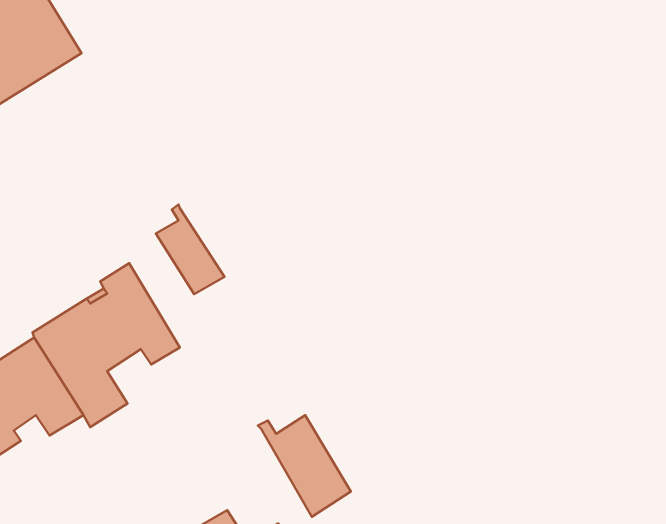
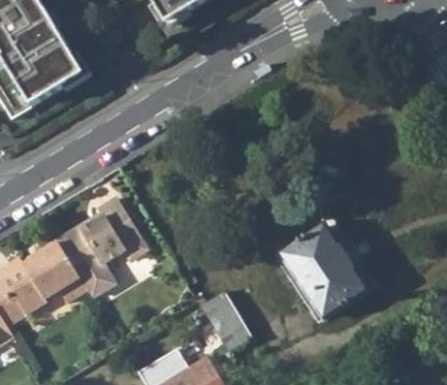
building: [156,204,225,294] -> none
building: none -> [282,227,368,320]

